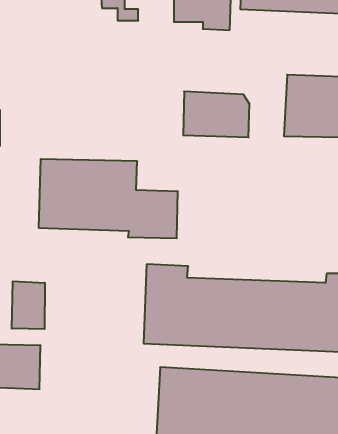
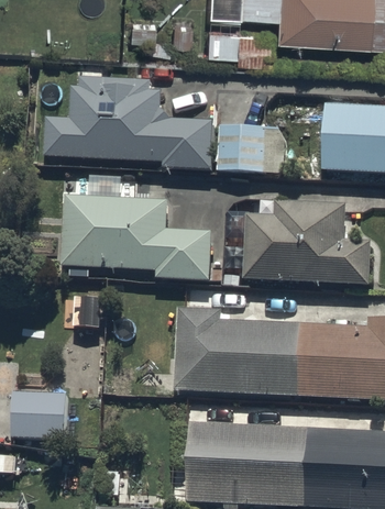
building: none -> [44,62,212,171]
building: none -> [242,203,370,286]
building: [12,281,45,329] -> none

